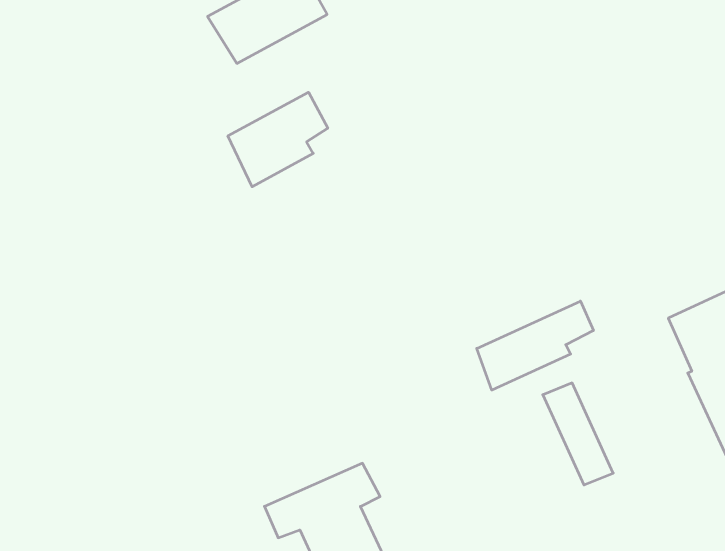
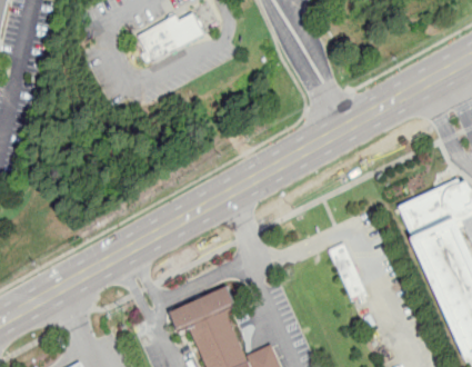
building: [228,92,328,187] -> none
building: [477,301,593,390] -> none

